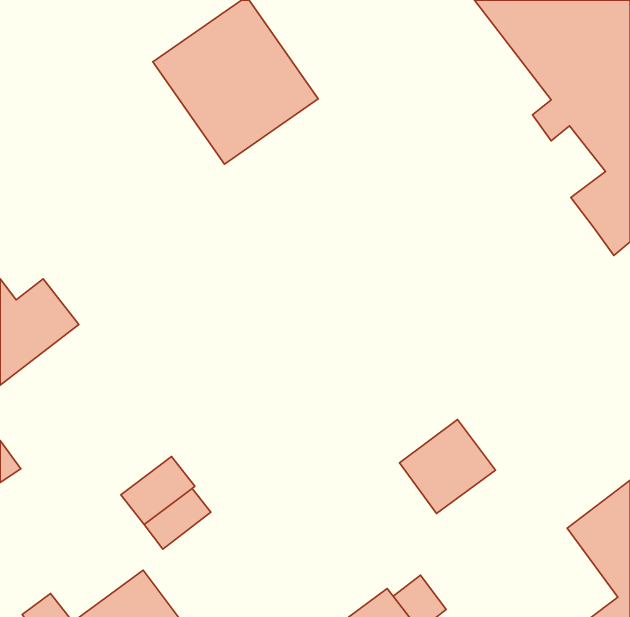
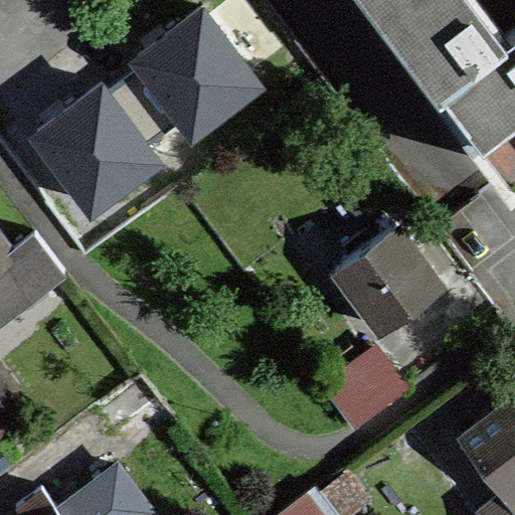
building: none -> [27,80,162,217]
building: none -> [330,229,441,334]

